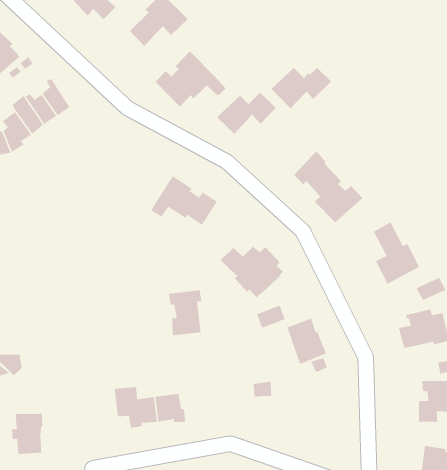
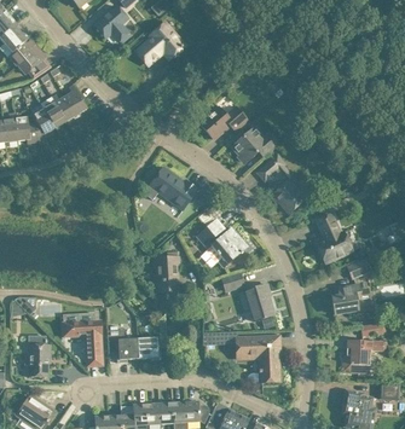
building: [155,50,226,108] -> none
building: [270,67,332,109] -> [231,131,279,163]
building: none -> [63,313,102,366]
building: none -> [236,336,280,382]

